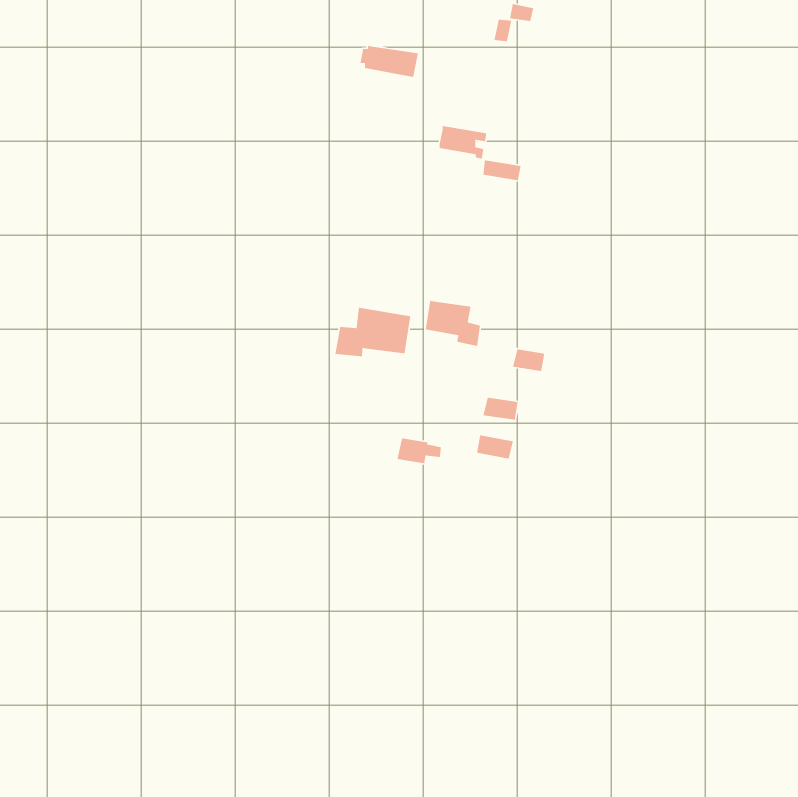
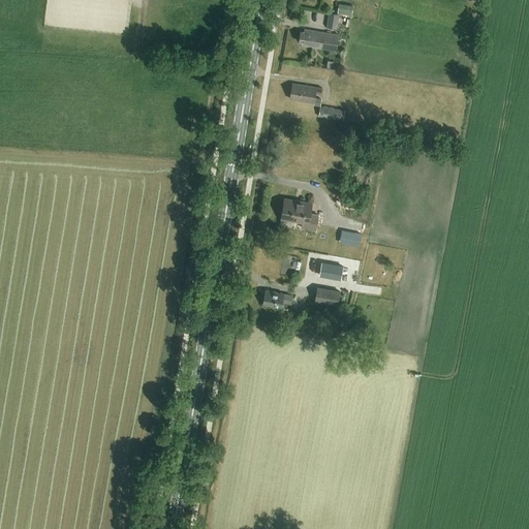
building: [359,45,419,78] -> [299,29,338,51]
building: [335,307,411,357] -> none

